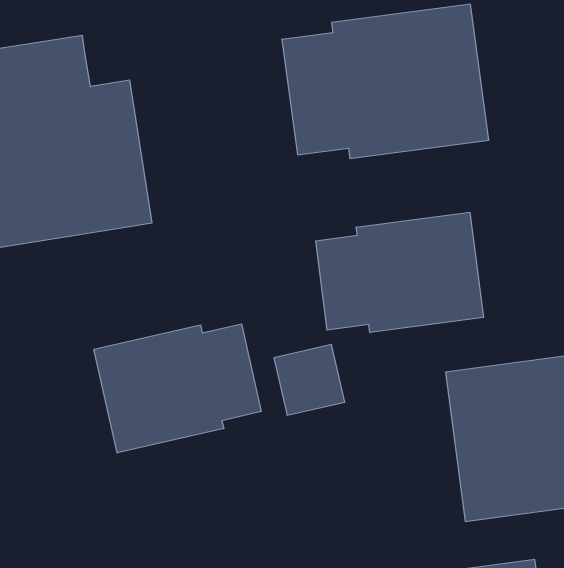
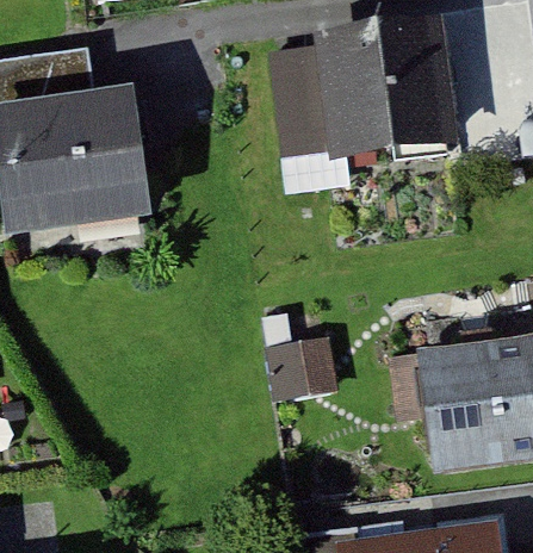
building: [316,212,483,333] -> none
building: [94,324,261,453] -> none

